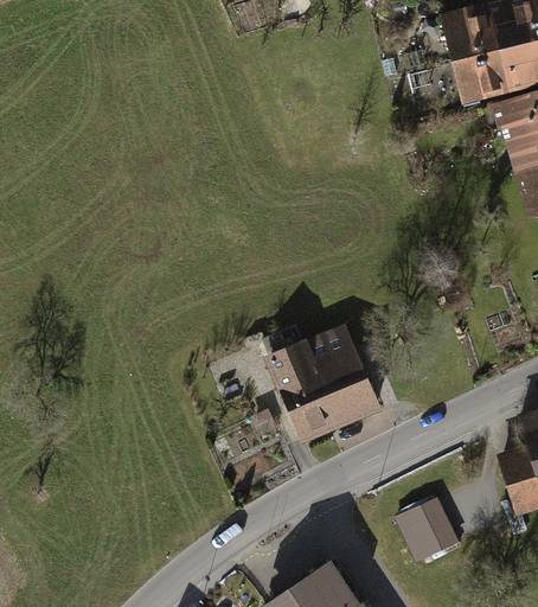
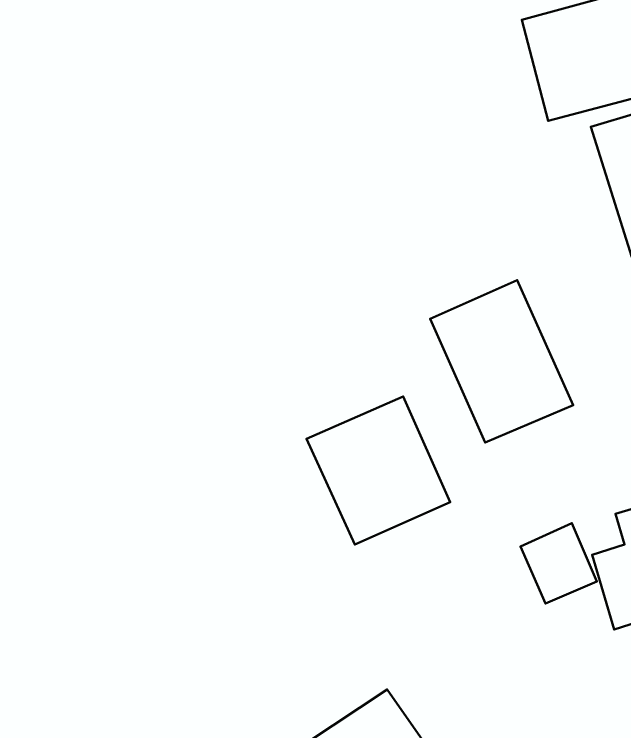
building: none -> [430,280,573,443]
building: [396,497,457,562] -> [521,523,597,604]

